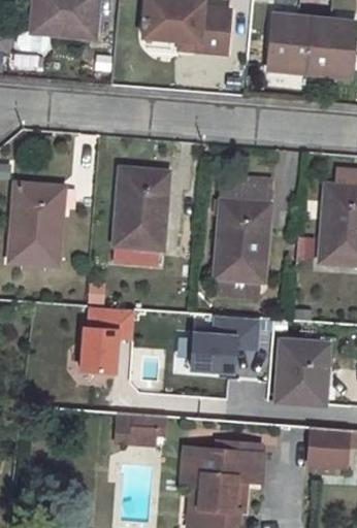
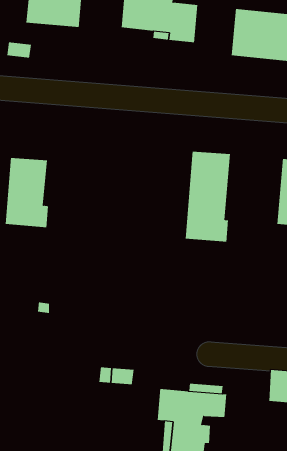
building: [113,171,166,265] -> none
building: [80,305,134,370] -> none
building: [190,316,259,372] -> none
building: [278,341,328,405] -> none

